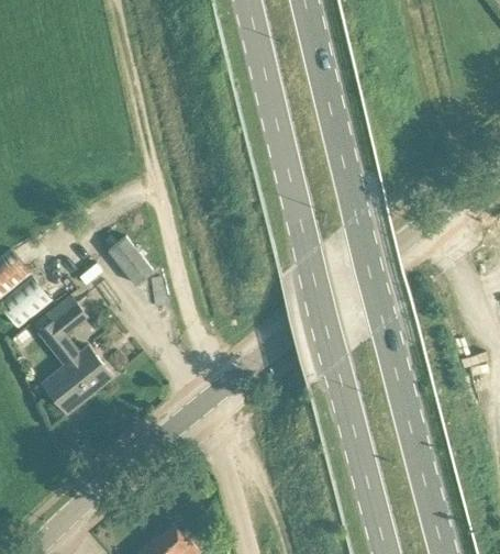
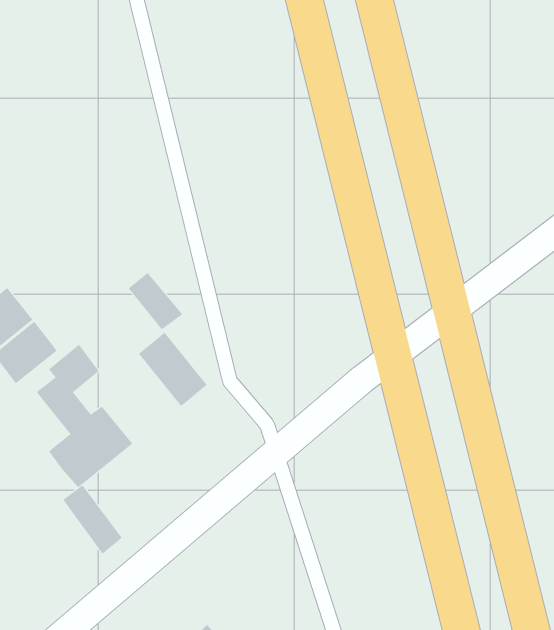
building: none -> [138,332,207,407]
building: none -> [62,485,123,555]

